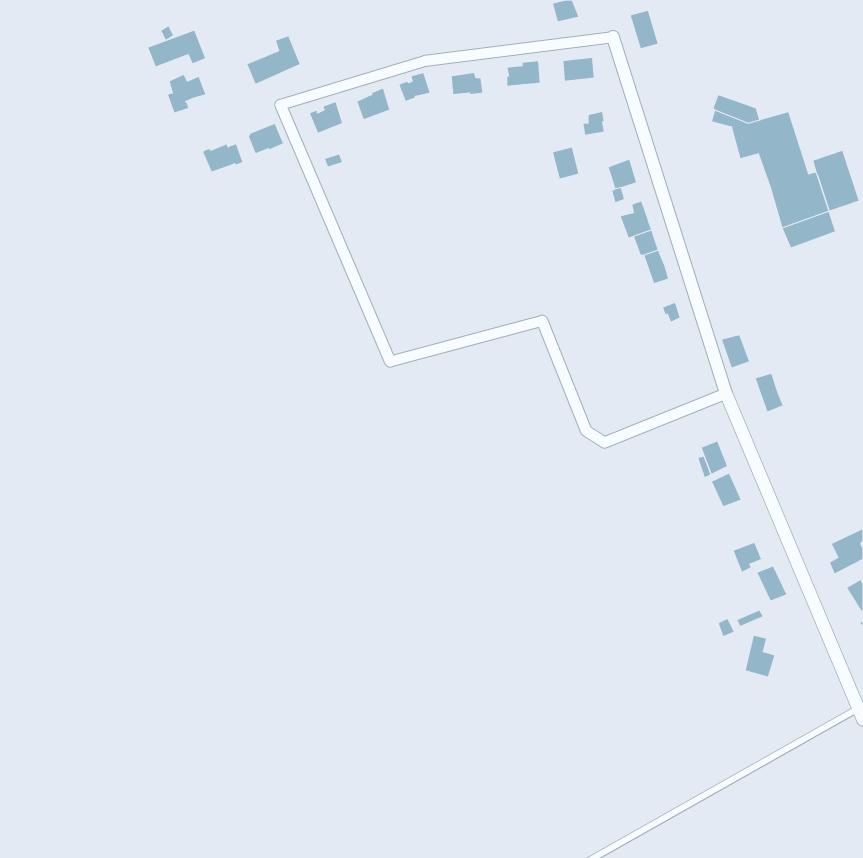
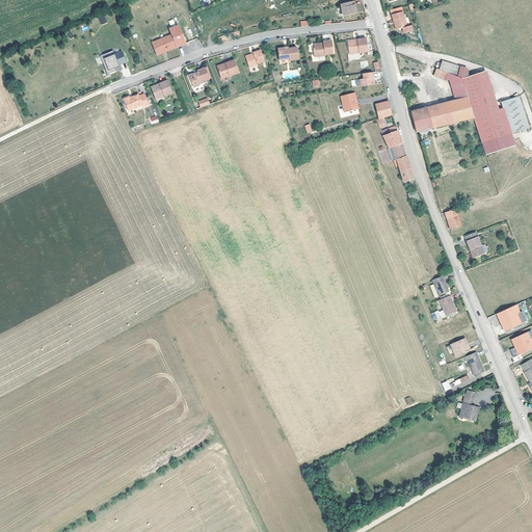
building: [148,30,206,67] -> none
building: none -> [409,98,474,133]
building: none -> [496,303,526,331]

